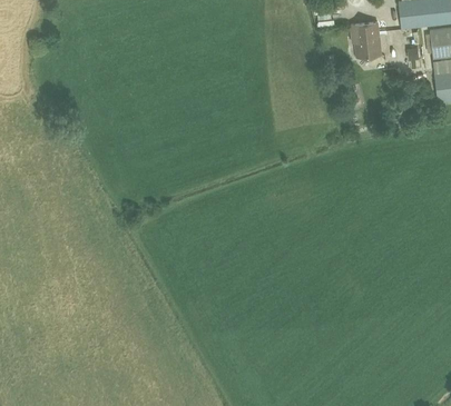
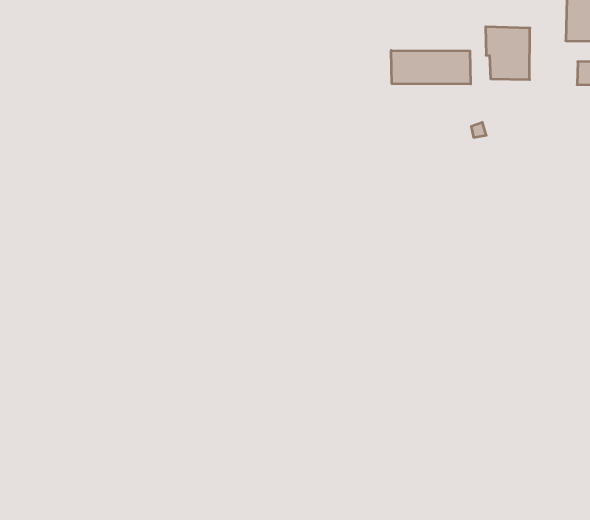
building: none -> [391,50,471,84]

